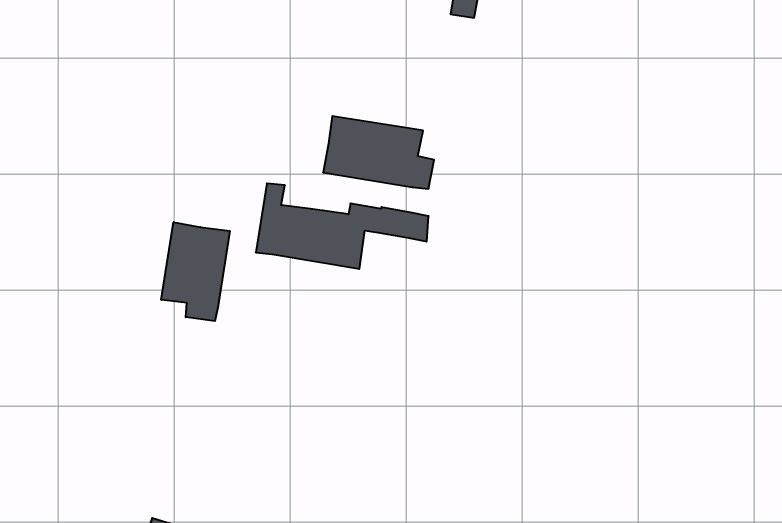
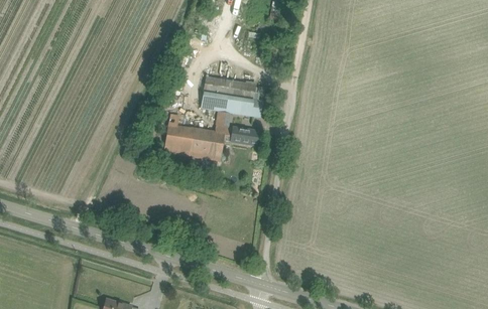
building: [161,222,230,321] -> none

